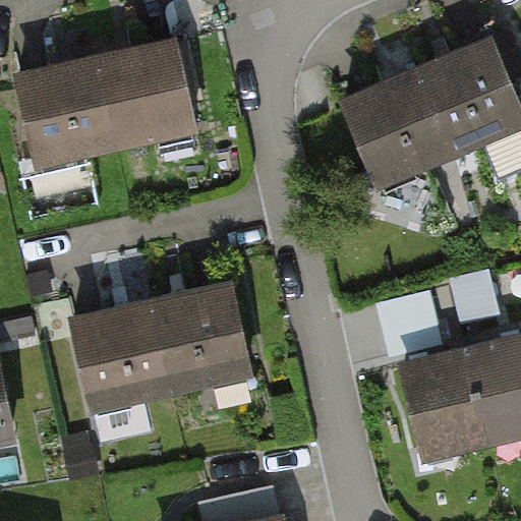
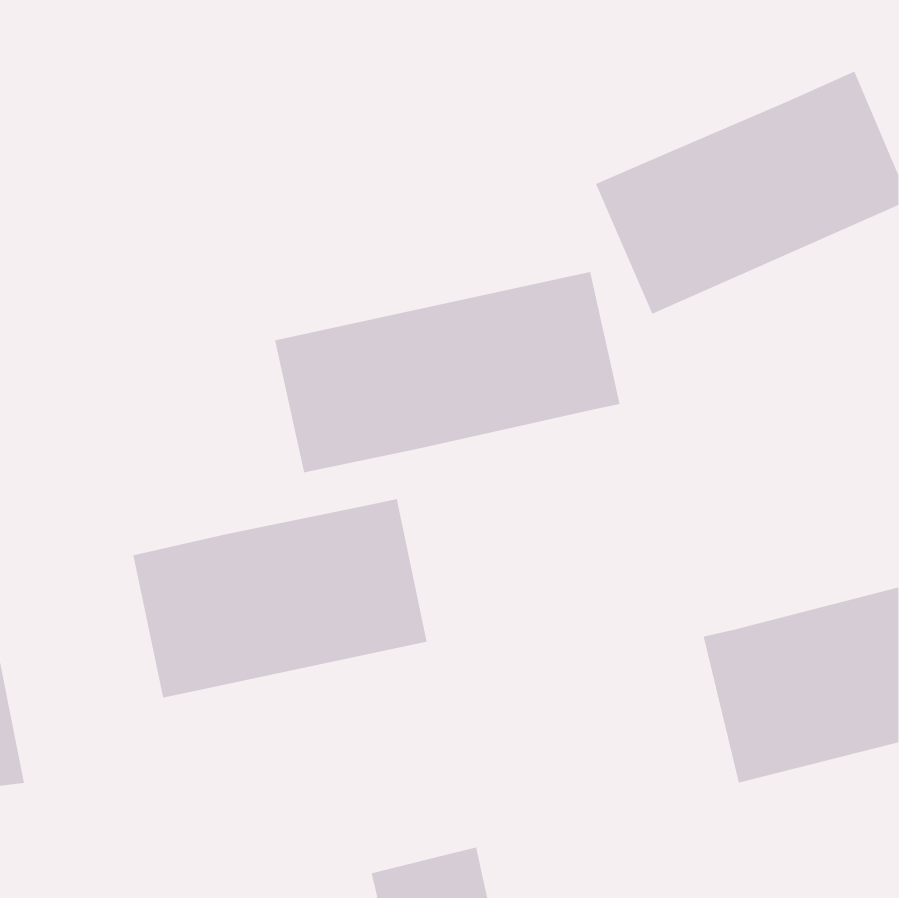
building: [19,45,192,162] -> none
building: none -> [274,271,620,473]

